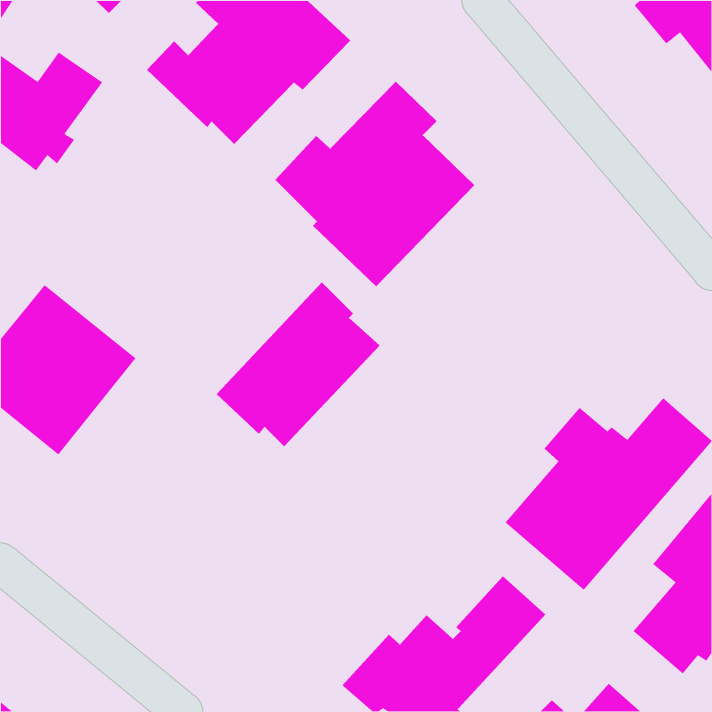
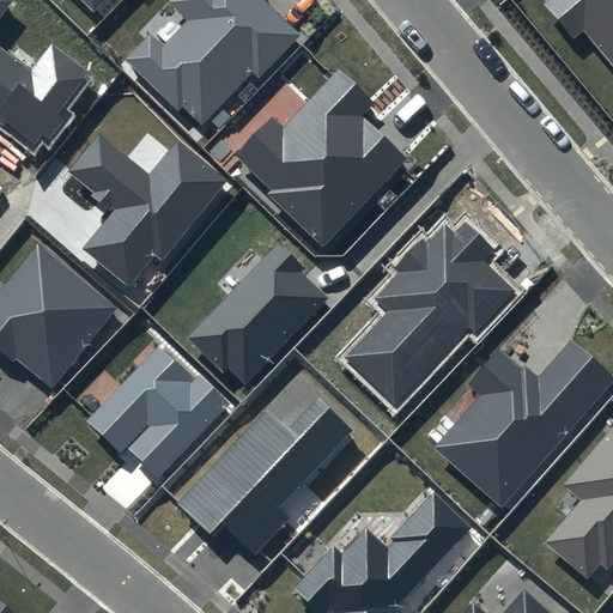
building: none -> [69,135,229,286]
building: none -> [344,224,516,406]
building: none -> [89,347,230,477]
building: none -> [175,397,352,554]

